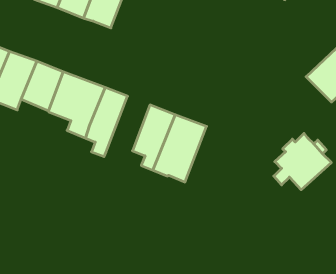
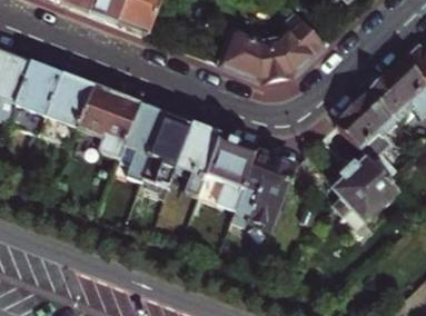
building: none -> [219,8,324,78]
building: none -> [336,90,398,160]
building: none -> [141,112,191,186]
building: none -> [228,147,295,226]

